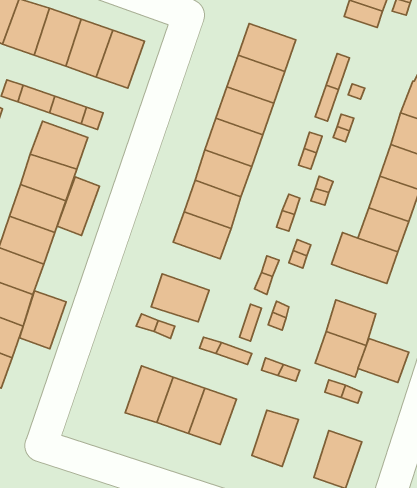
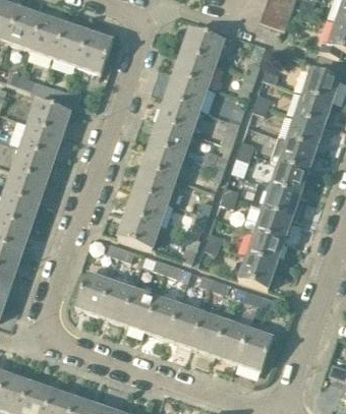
building: [57,177,99,235] -> none
building: none -> [125,188,168,224]
building: [19,291,66,349] -> [75,272,110,314]
building: [358,338,409,382] -> [253,209,291,241]
building: none -> [168,304,203,346]
building: none -> [214,319,248,362]

